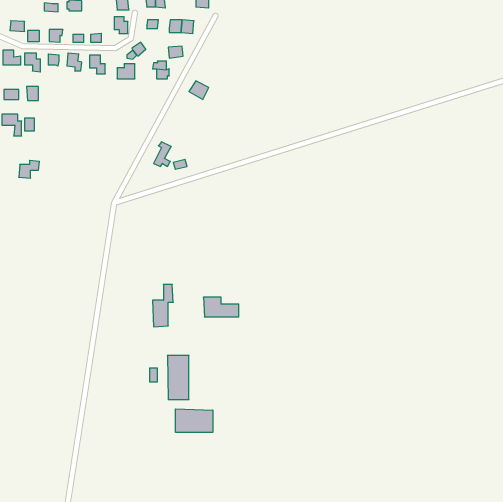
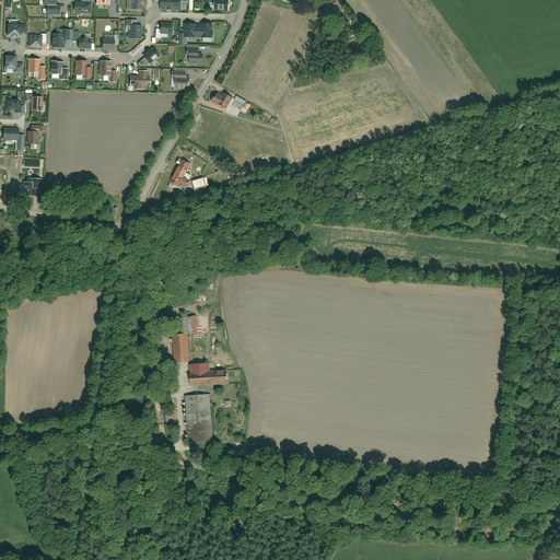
building: [203,297,239,317] -> [189,362,229,384]
building: [176,409,213,432] -> none

